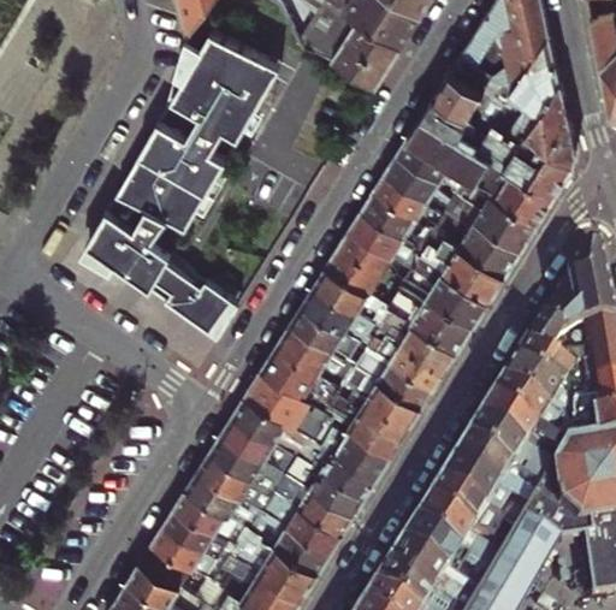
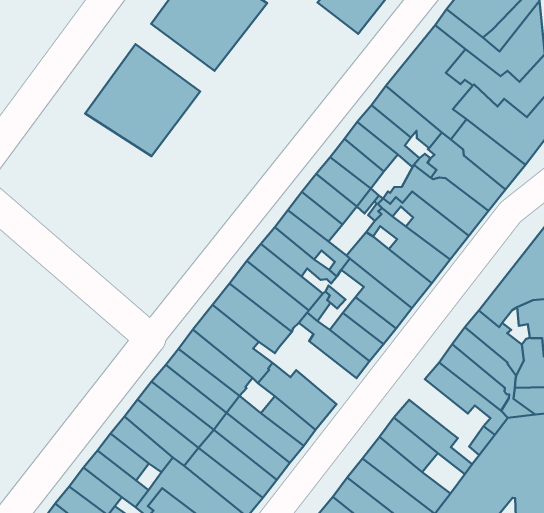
building: [85,213,232,334] -> none
building: [330,386,409,456] -> none
building: [463,422,522,473] -> none

